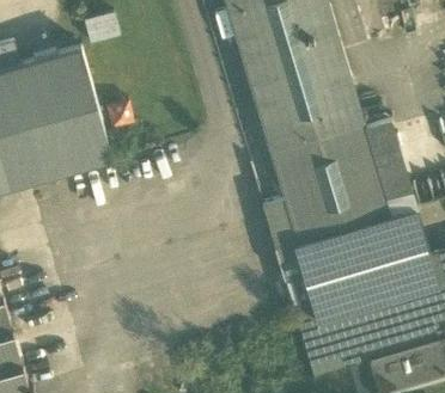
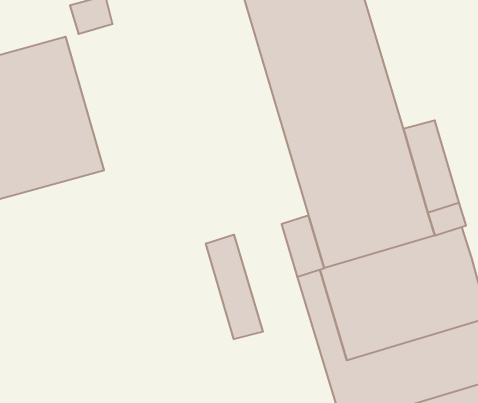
building: none -> [206,235,263,339]

